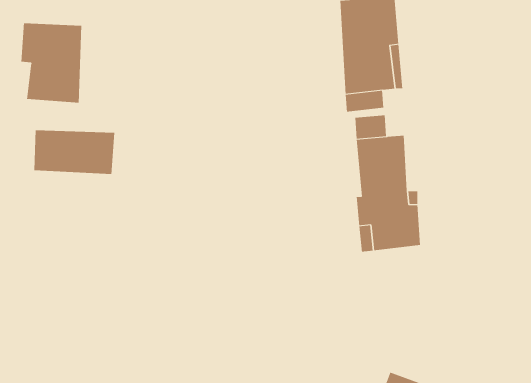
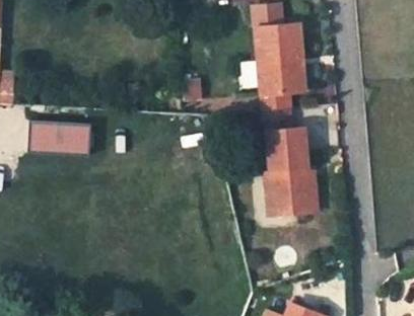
building: [21,23,82,103] -> none

